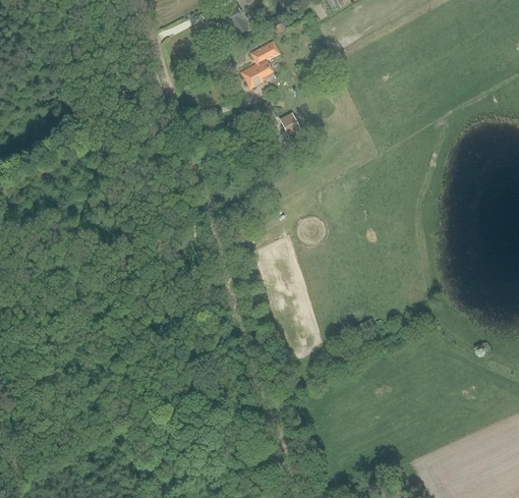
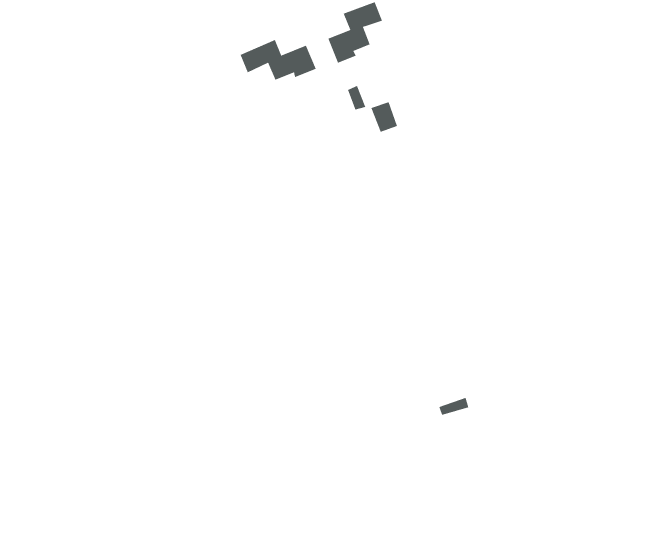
building: none -> [240,39,316,80]

